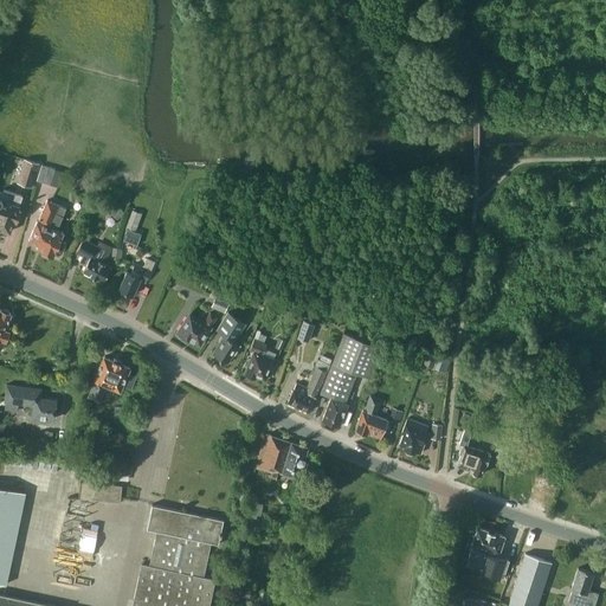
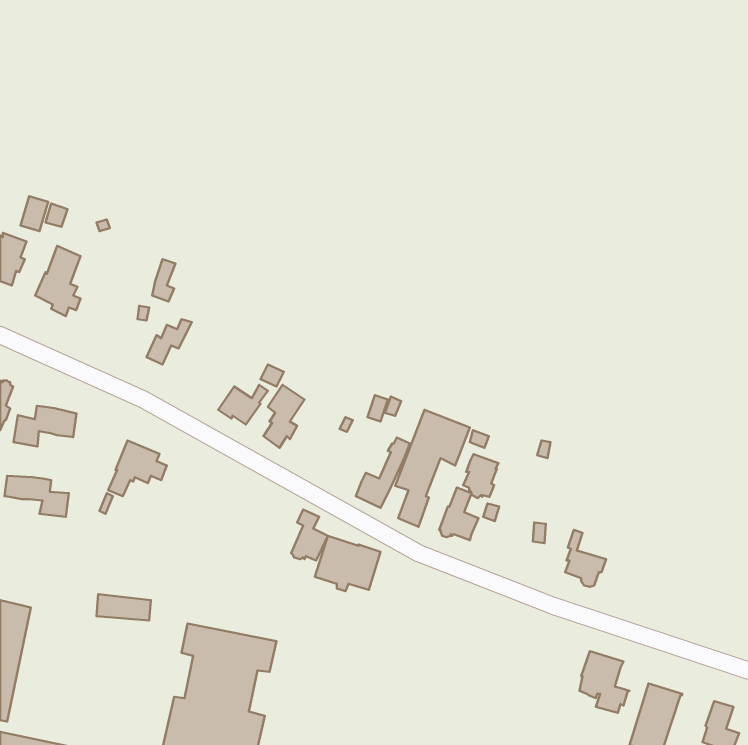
building: [76,240,110,284] -> none
building: none -> [14,406,77,446]
building: [244,340,273,381] -> [291,509,328,561]
building: [399,420,427,456] -> [463,454,498,498]

